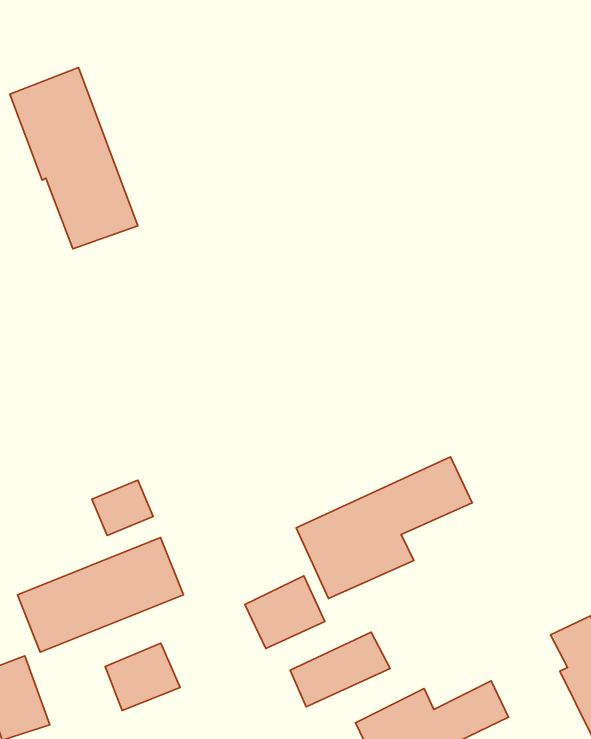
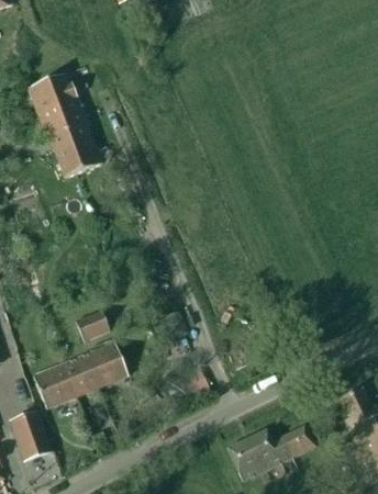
building: [296,457,472,598] -> none
building: [290,632,390,707] -> none
building: [105,643,180,711] -> none

